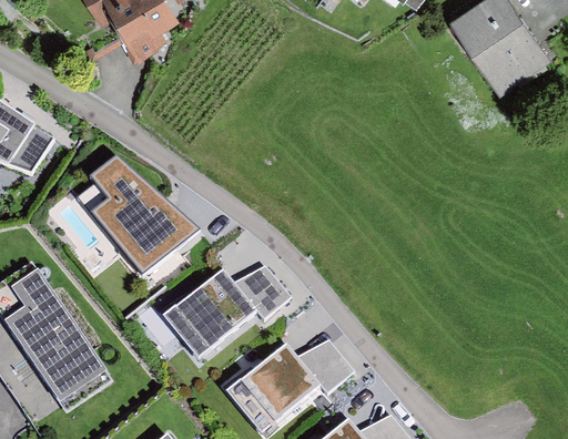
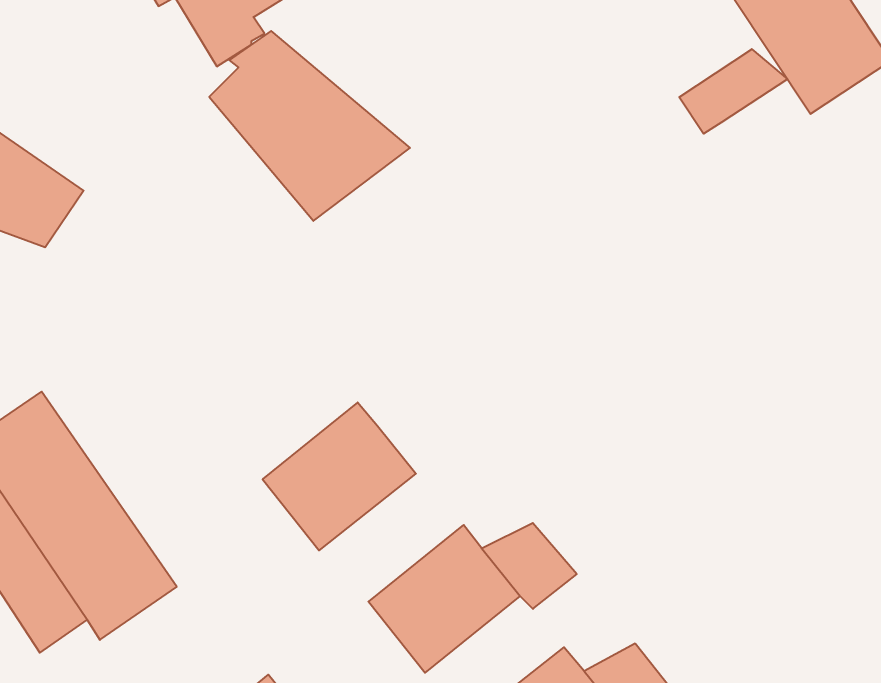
building: none -> [679,49,788,134]
building: [78,157,200,273] -> [209,31,410,221]
building: [234,267,291,319] -> none

